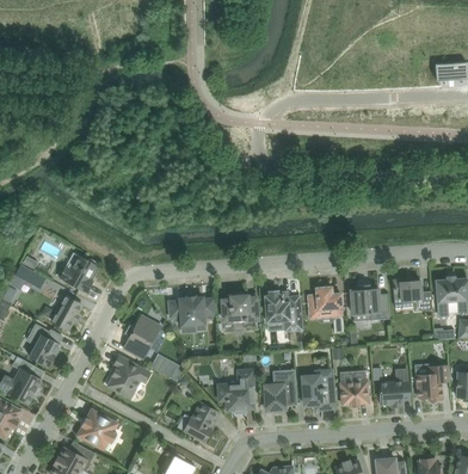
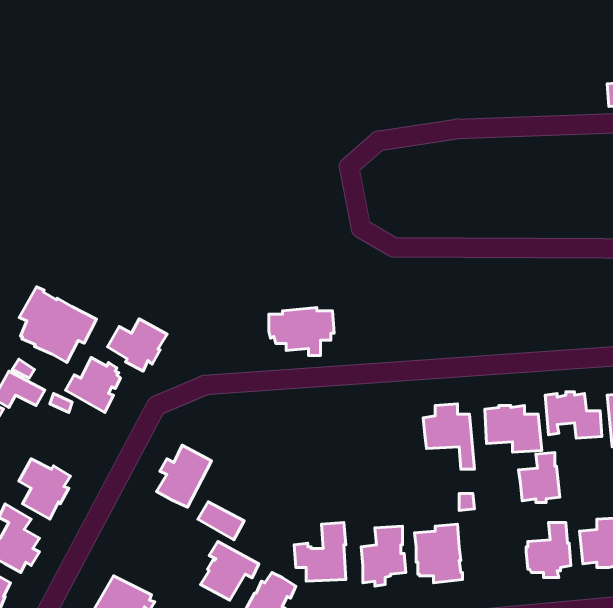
building: none -> [19,287,96,363]
building: none -> [108,319,167,371]
building: [264,289,301,331] -> none
building: [221,294,258,321] -> none
building: [50,295,81,330] -> none
building: [168,296,214,330] -> [269,307,334,356]
building: [106,356,147,396] -> [201,542,259,600]
building: [339,371,368,406] -> [519,453,560,502]

